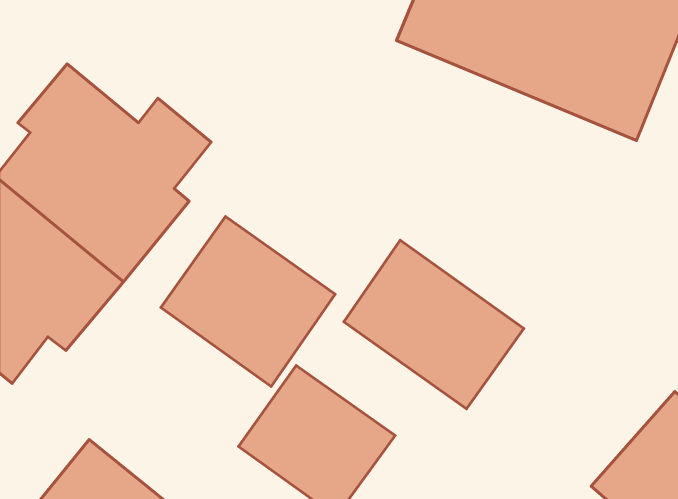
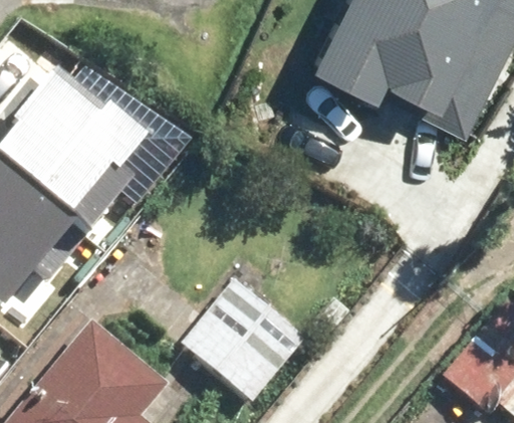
building: [161,217,335,386] -> none
building: [344,240,524,409] -> none

